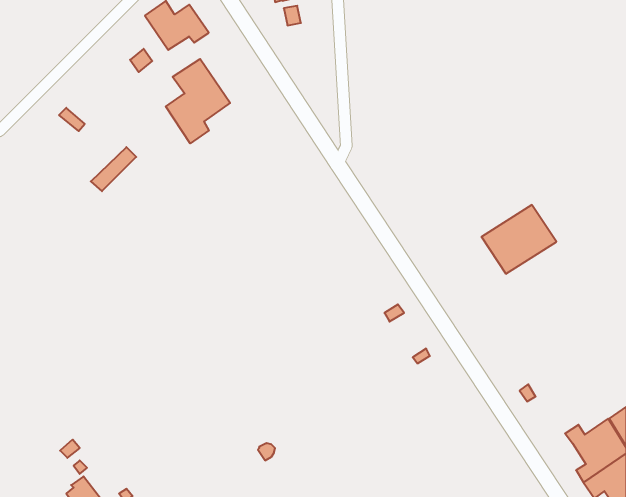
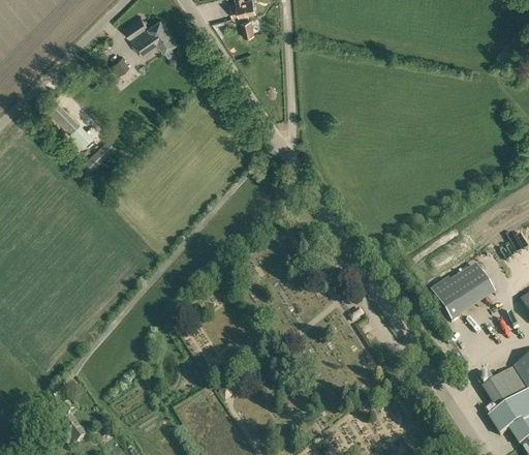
building: [166,59,230,143] -> none
building: [481,205,556,274] -> [433,262,496,320]

